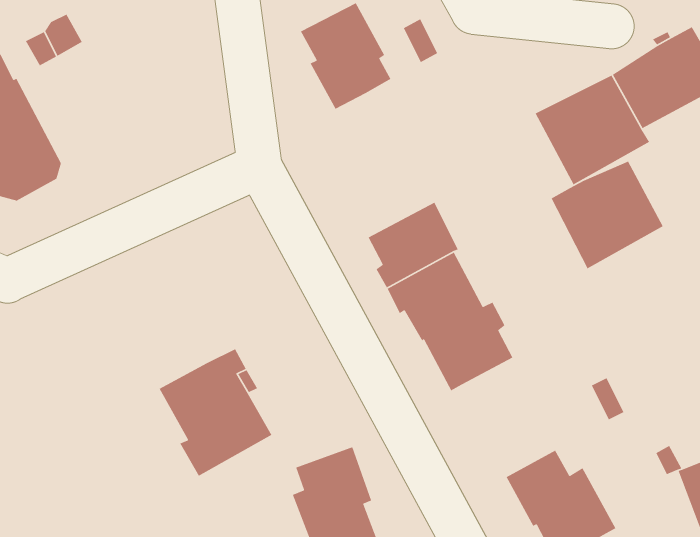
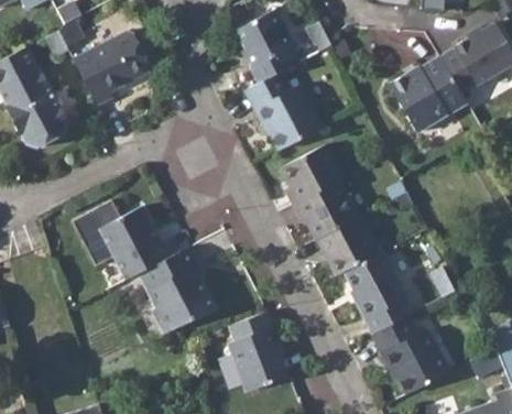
building: none -> [73,30,149,104]
building: none -> [242,73,318,151]
building: [550,160,664,270] -> none
building: none -> [69,200,168,280]
building: none -> [344,250,414,335]

